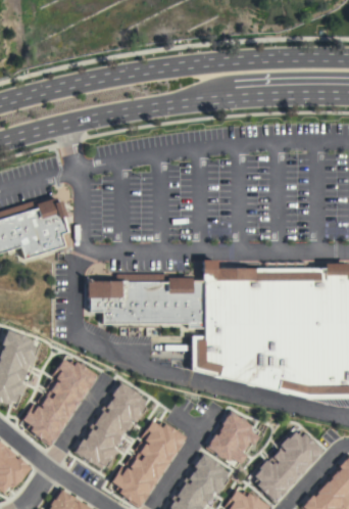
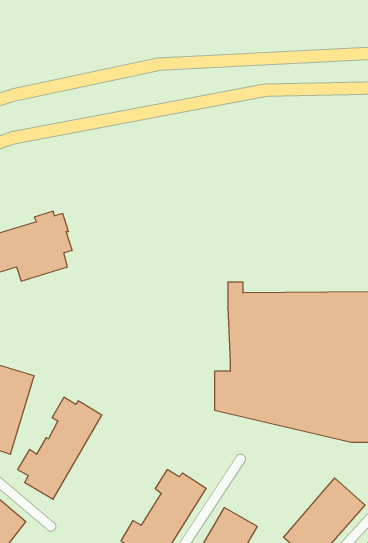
building: [88,273,205,328] -> none
building: [77,382,148,470] -> none
building: [207,411,258,467] -> none

